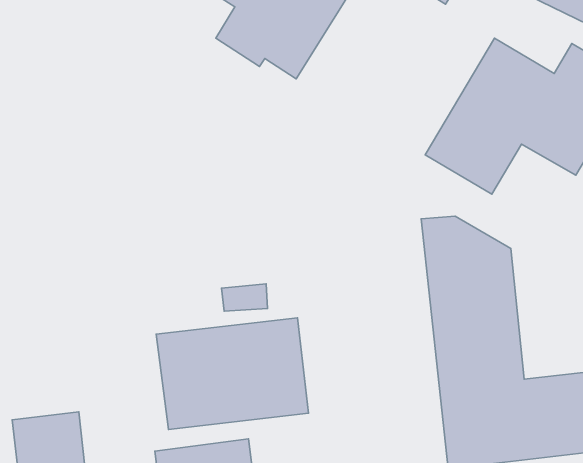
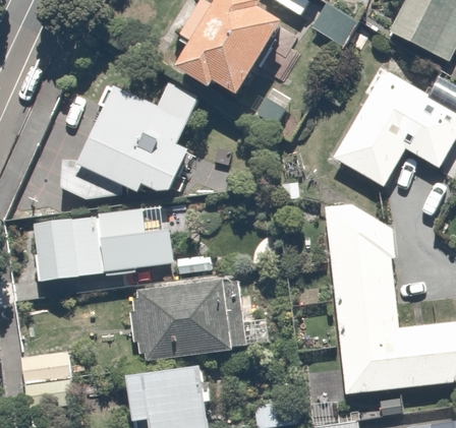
building: none -> [61,82,197,200]
building: none -> [32,204,169,282]

